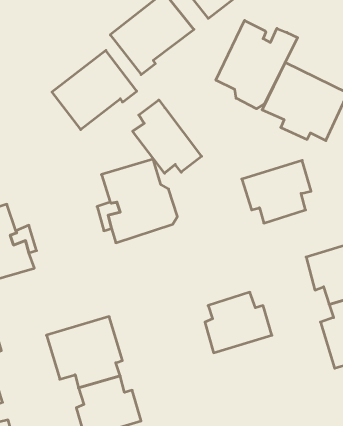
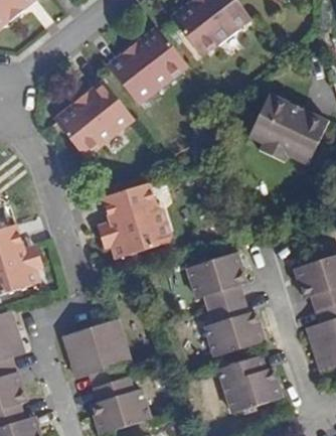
building: [216,20,298,109] -> none
building: [133,100,202,173] -> none
building: [242,160,311,223] -> [180,258,243,315]
building: none -> [209,358,277,416]

